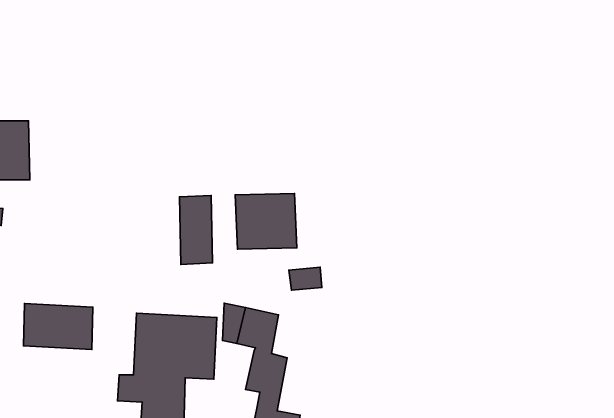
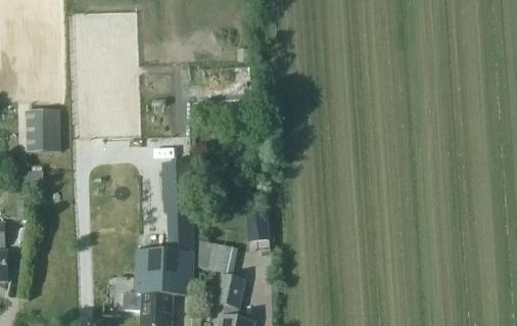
building: [235,194,297,249] -> none
building: [23,304,93,349] -> none

